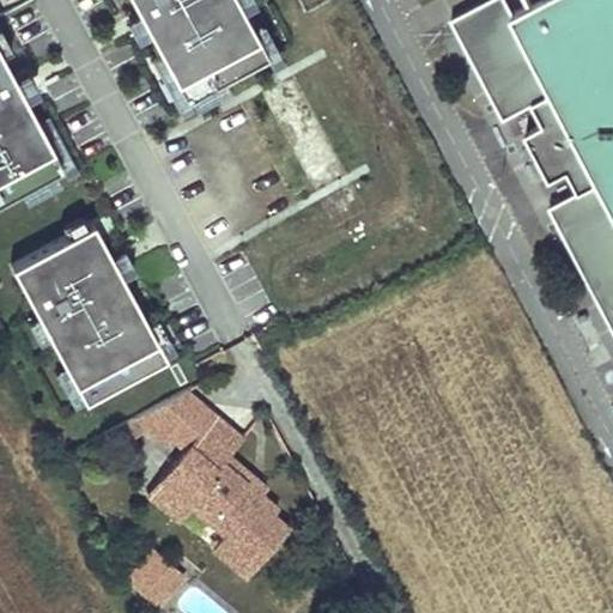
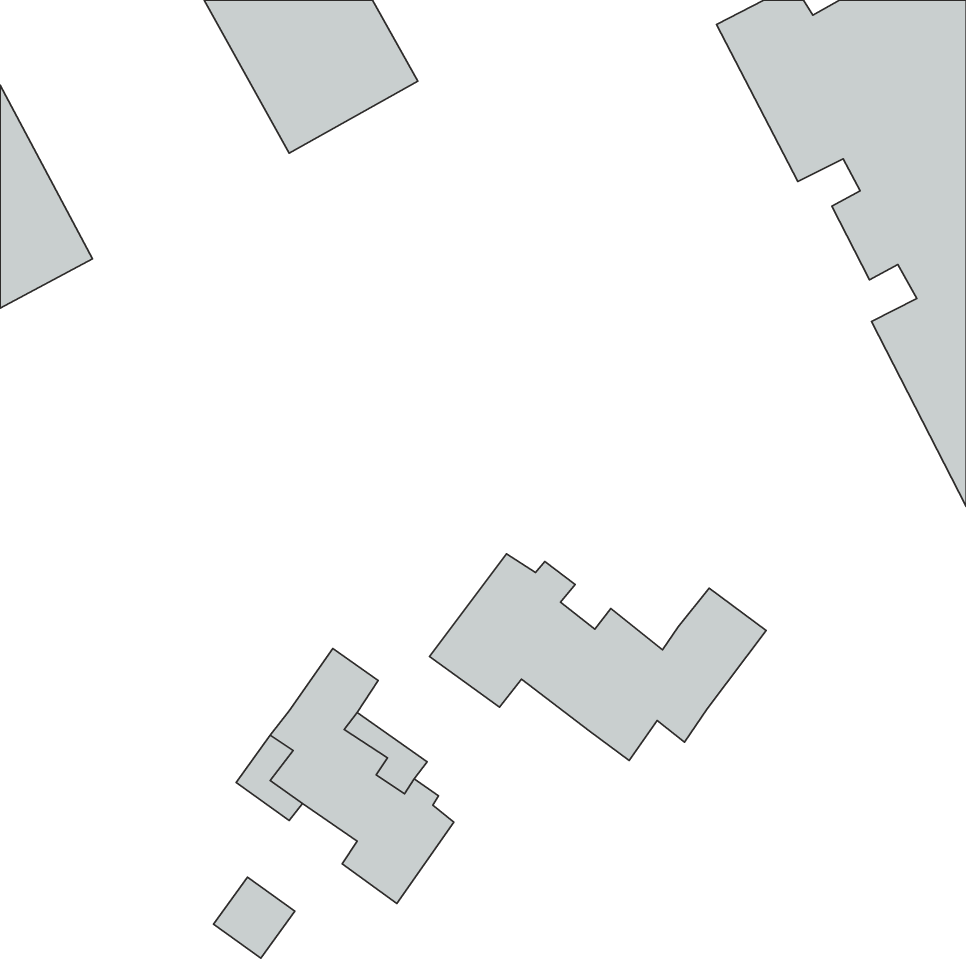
building: [8,221,164,402] -> none
building: none -> [430,554,766,761]
building: [133,392,211,451] -> none

